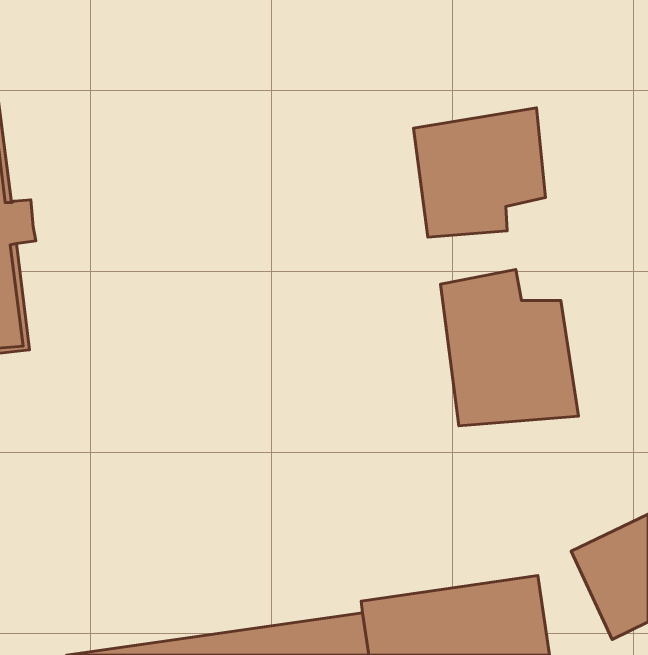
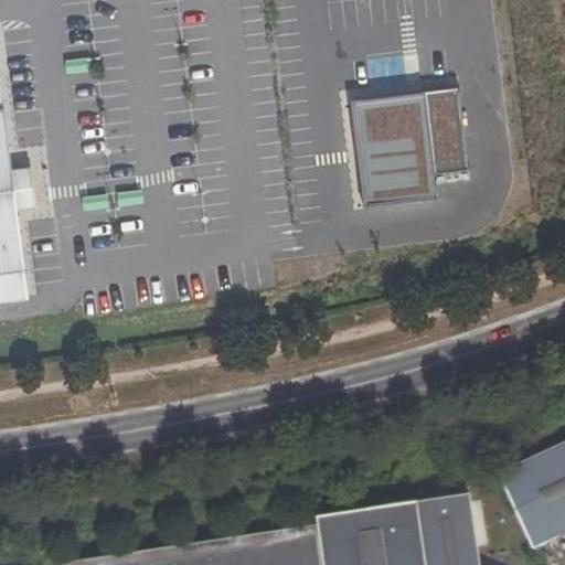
building: [441,269,578,426] -> none

